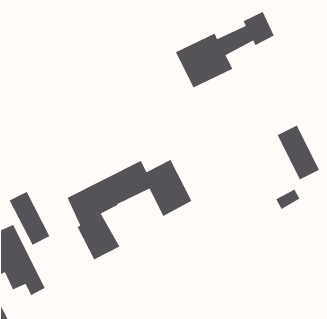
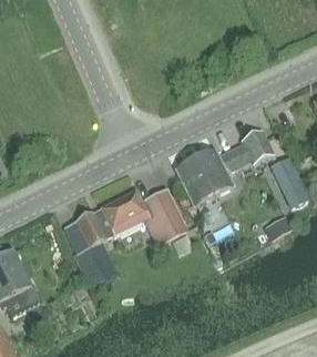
building: [175,11,275,89] -> [176,129,273,204]
building: [9,191,50,246] -> none

